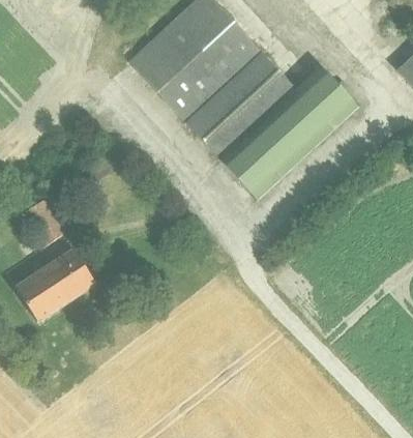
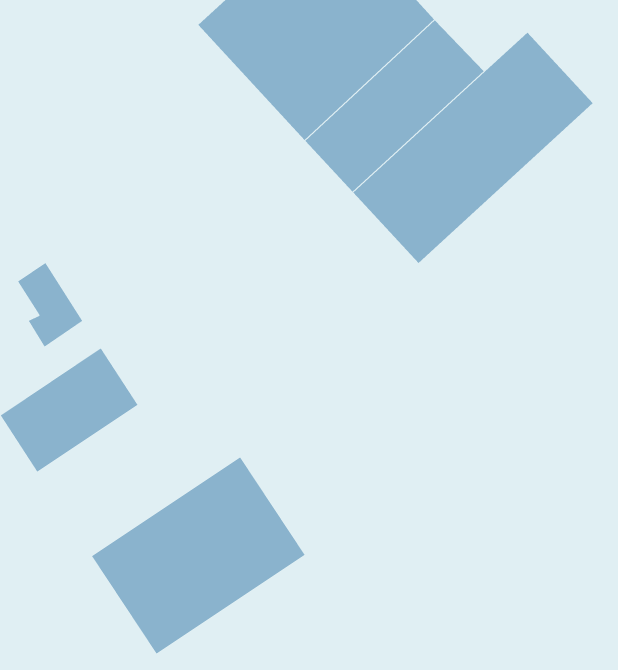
building: none -> [91,456,306,655]

